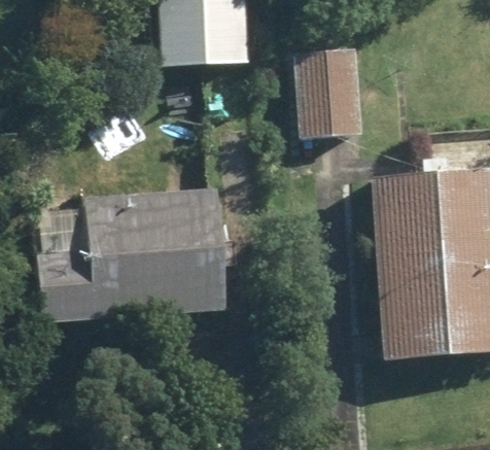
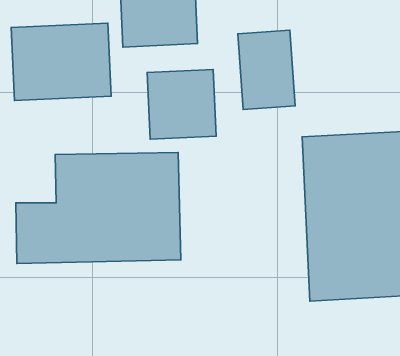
building: none -> [11,23,111,100]
building: none -> [147,69,216,139]

